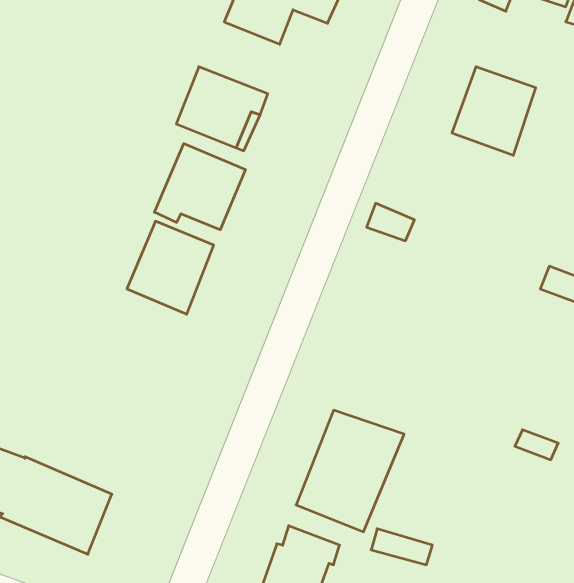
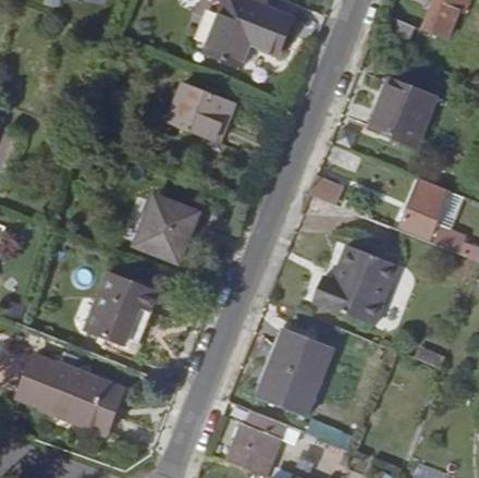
building: [154,144,245,230] -> none
building: none -> [401,179,447,236]
building: none -> [312,248,396,328]
building: none -> [86,273,155,359]

